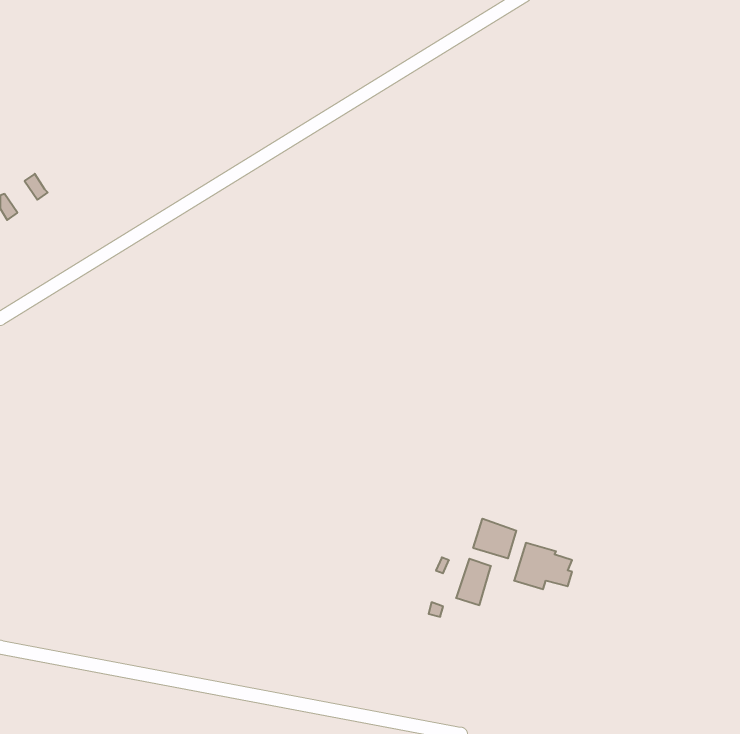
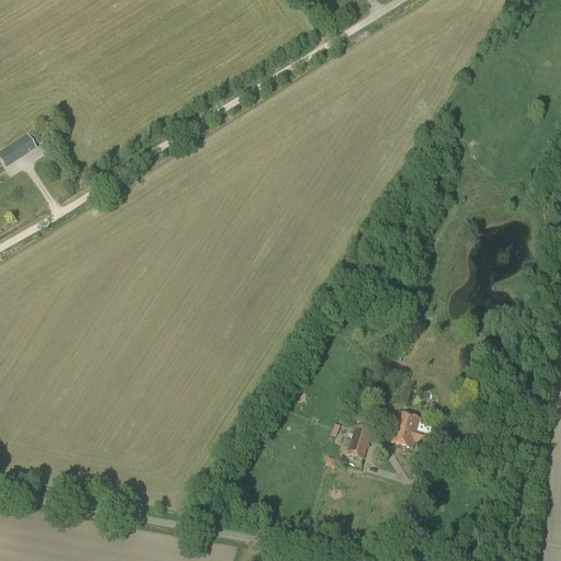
building: [473,519,516,558] -> none

